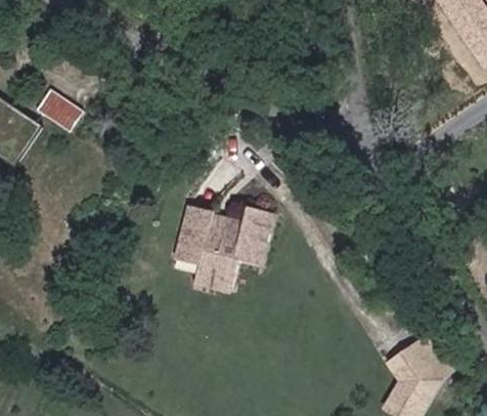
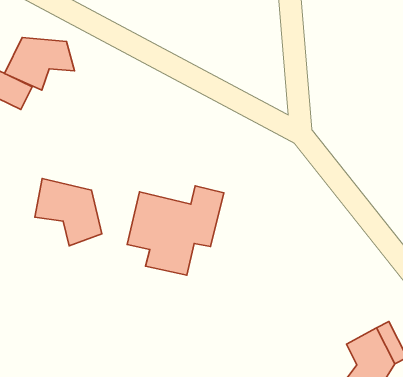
building: none -> [5,38,74,90]
building: none -> [35,179,102,246]

